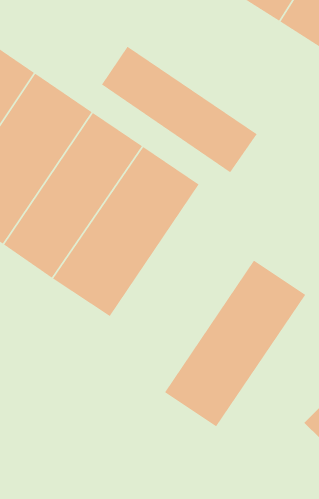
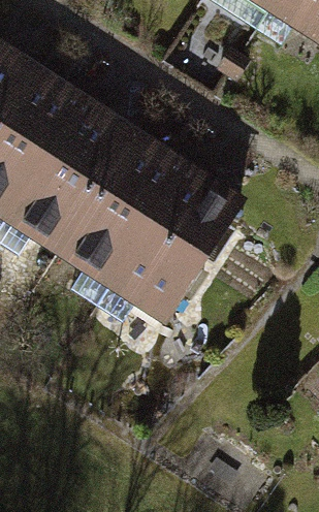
building: [101,46,257,173] -> none
building: [164,260,306,427] -> [107,177,242,334]

